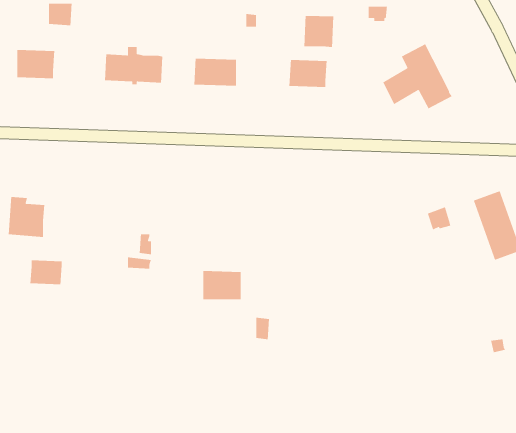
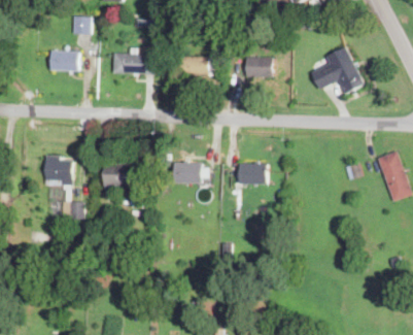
building: [304,15,334,48] -> none
building: none -> [103,163,132,189]
building: none -> [239,164,267,183]
building: [202,270,241,300] -> [174,162,202,183]

